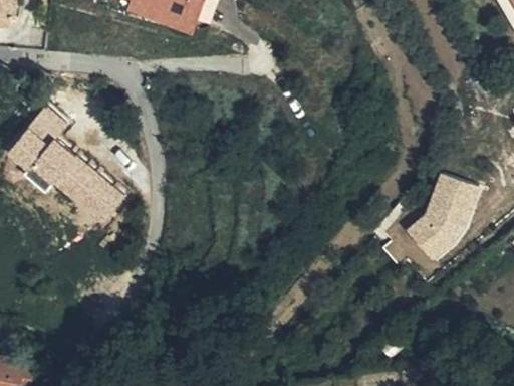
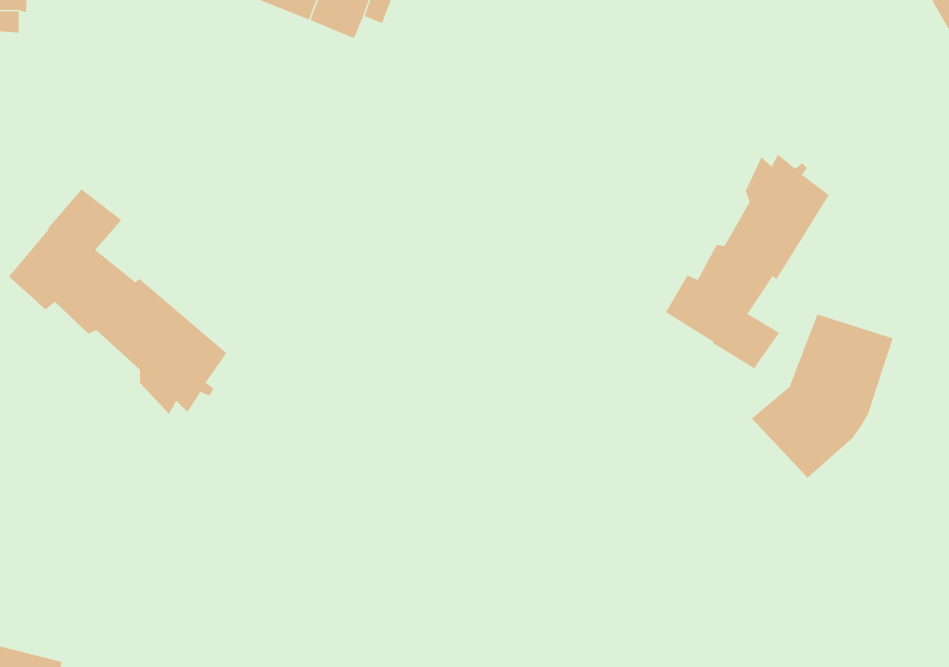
building: none -> [665,154,829,369]

